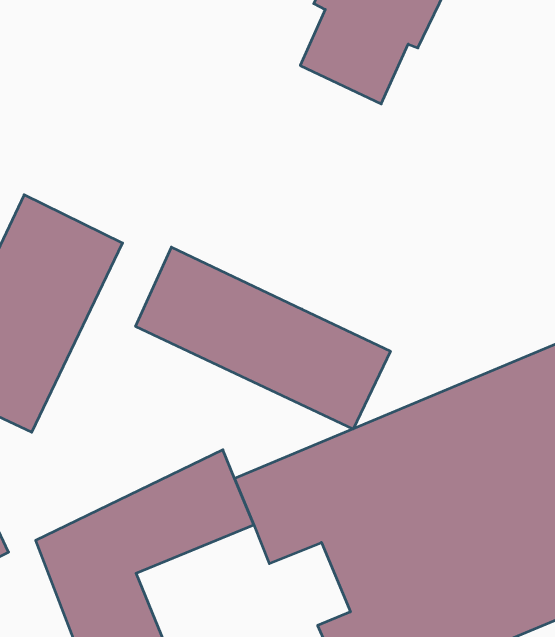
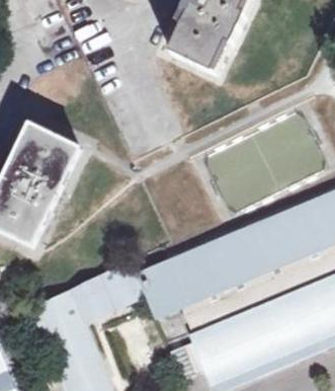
building: [136,247,390,429] -> none

